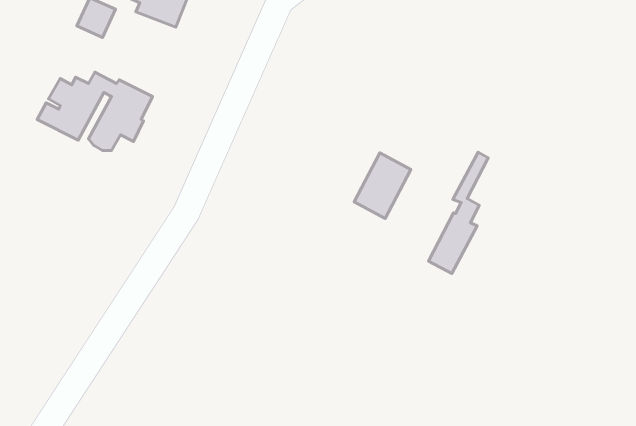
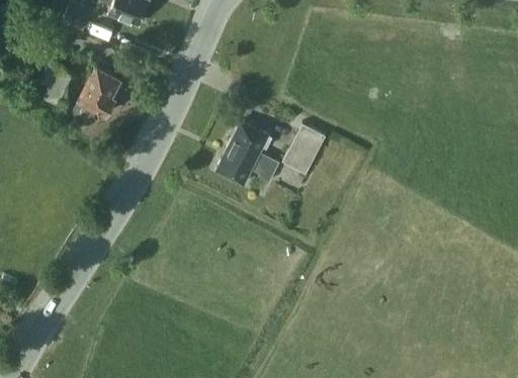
building: none -> [217,121,277,184]
building: [429,152,488,273] -> none

